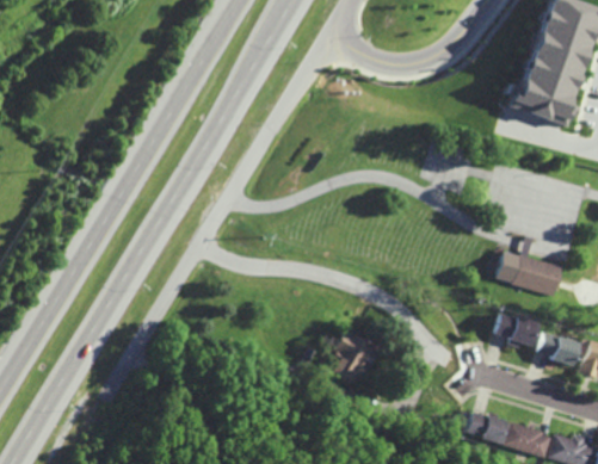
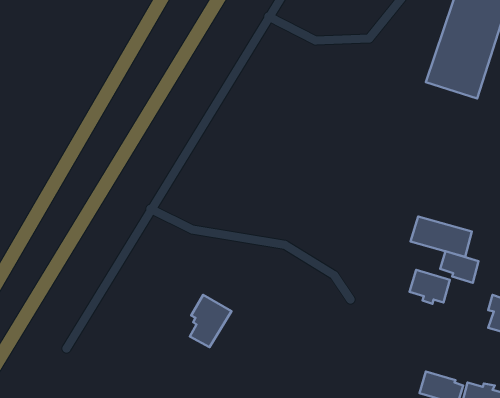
building: [333,328,378,385] -> [190,295,232,347]
building: [538,333,580,367] -> [440,251,478,283]
building: [469,412,511,445] -> none

